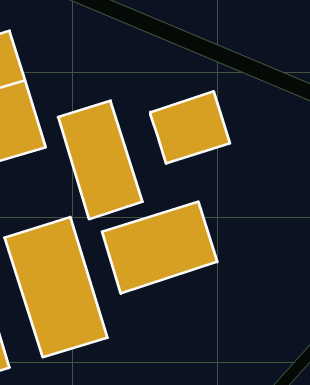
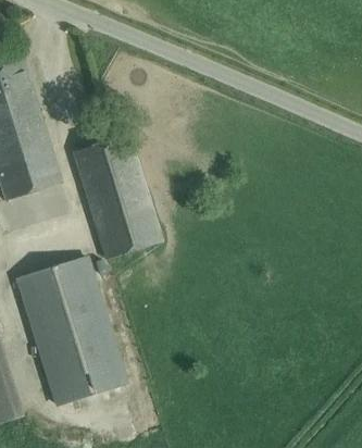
building: [150,91,230,164] -> none
building: [102,202,217,294] -> none

